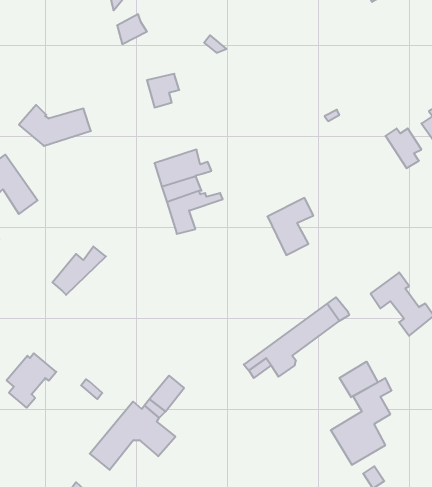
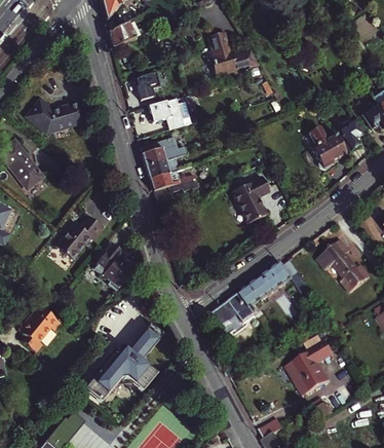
building: none -> [209,32,259,77]
building: none -> [149,99,184,128]
building: none -> [308,124,345,172]
building: none -> [93,244,131,289]
building: [340,362,378,397] -> none

